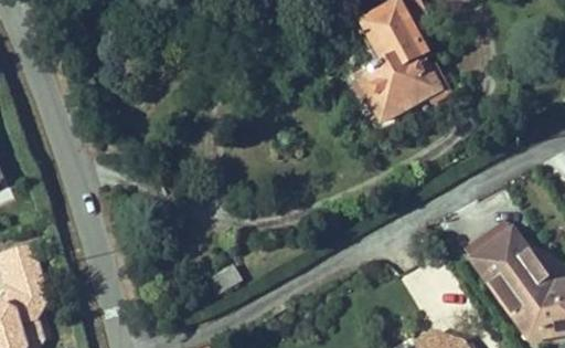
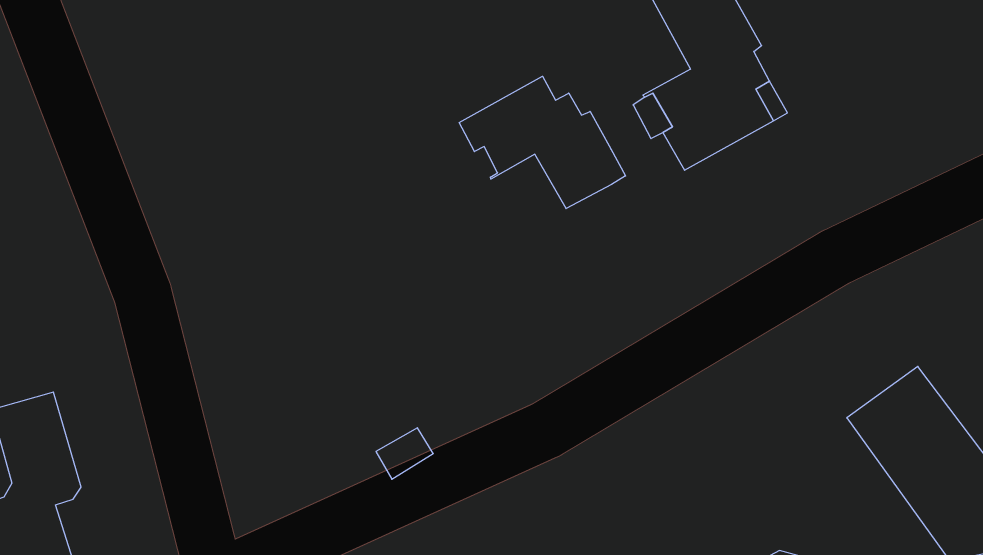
building: none -> [459,76,626,209]

